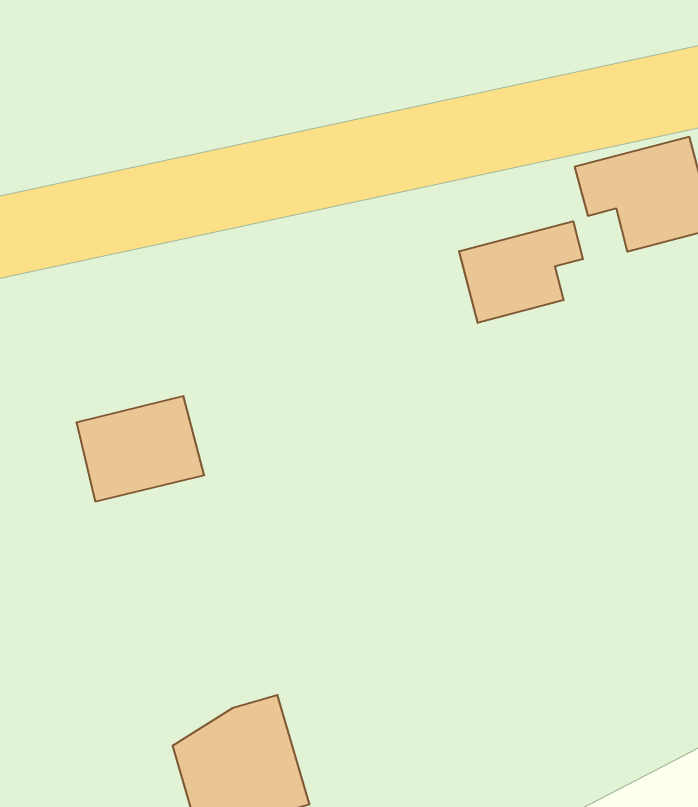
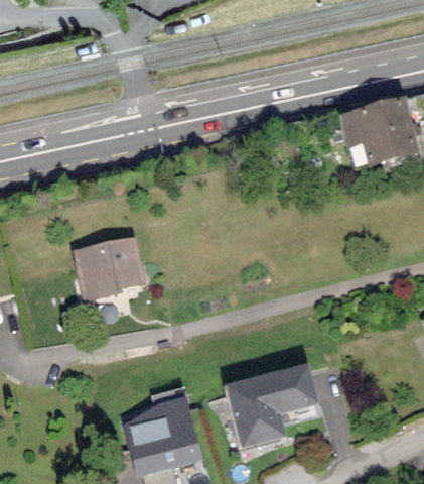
building: [459,221,583,323] -> none
building: none -> [229,368,314,444]

